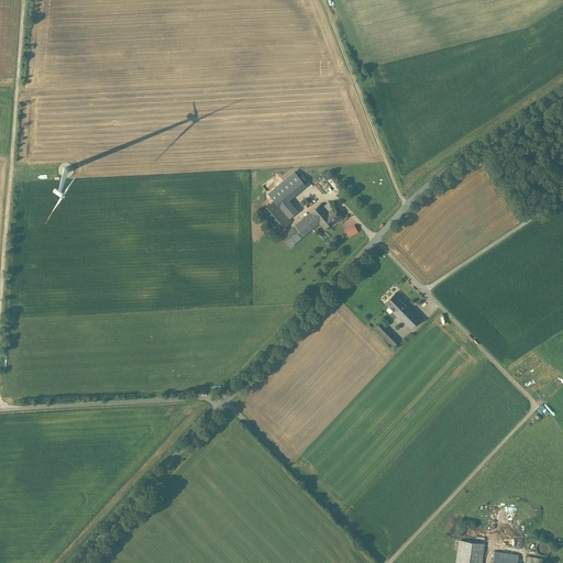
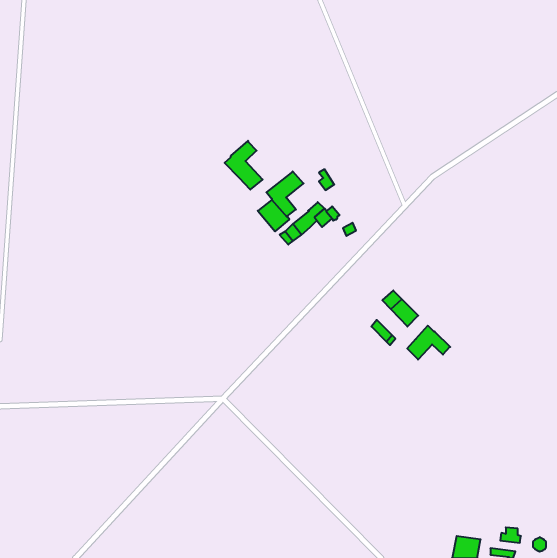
building: none -> [225,141,263,190]
building: none -> [407,326,450,360]

